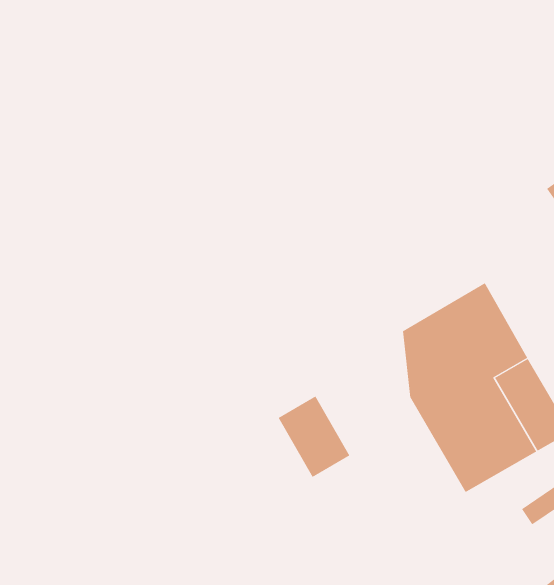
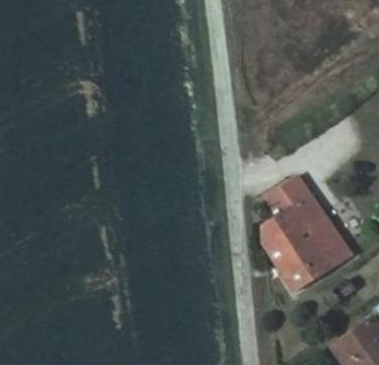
building: [278,396,350,478] -> none

